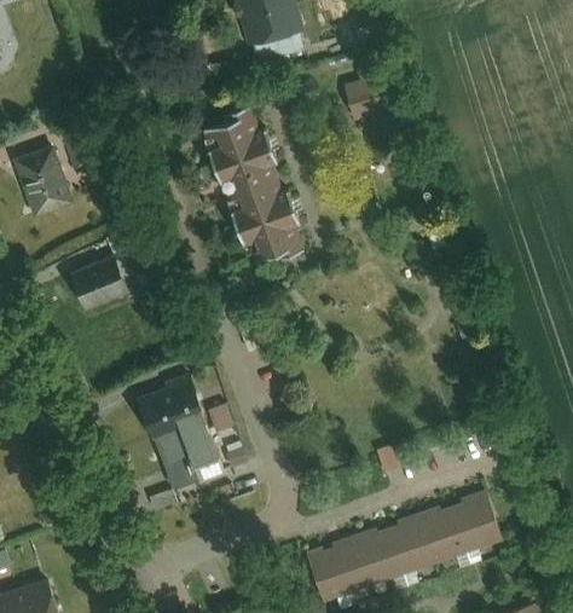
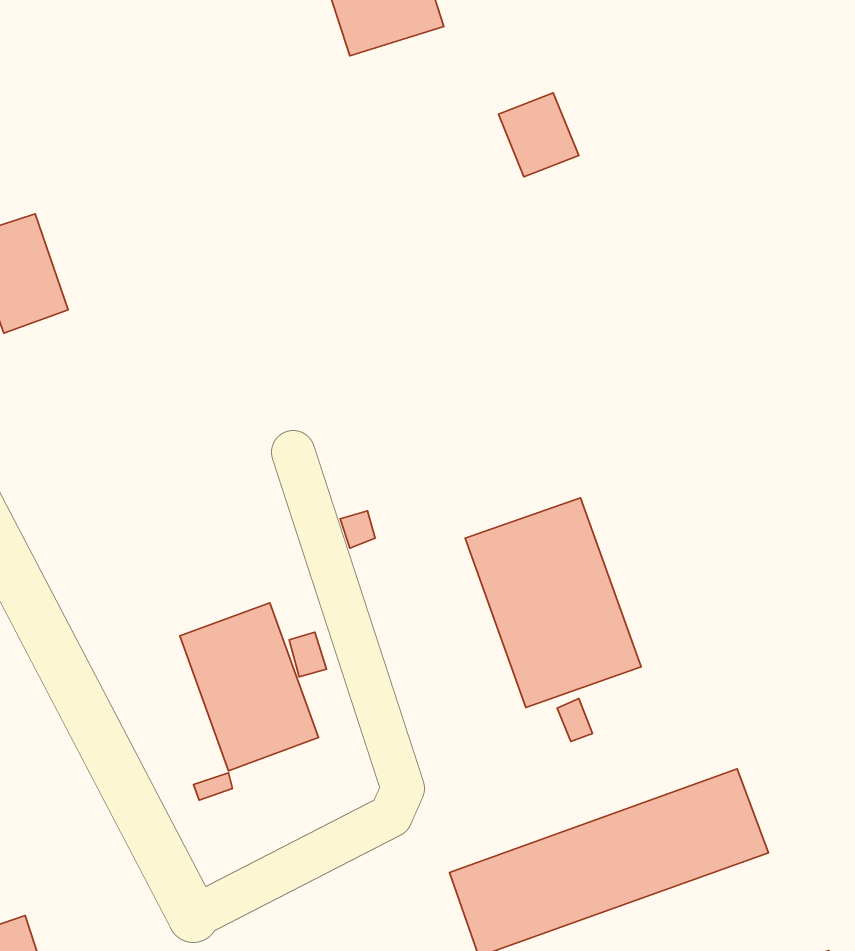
building: [202,105,302,261] -> none
building: [66,254,129,312] -> none
building: none -> [465,498,641,707]

